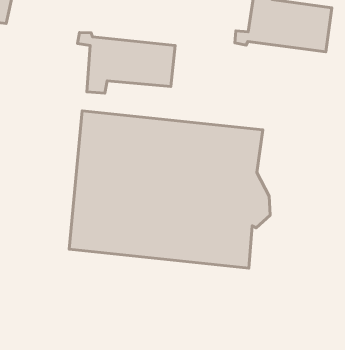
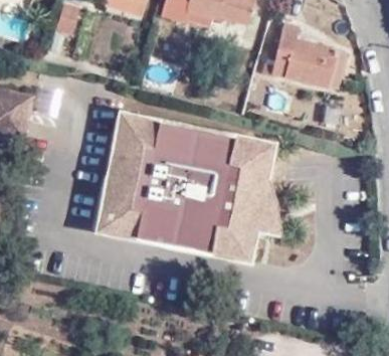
building: [78,32,175,93] -> none

